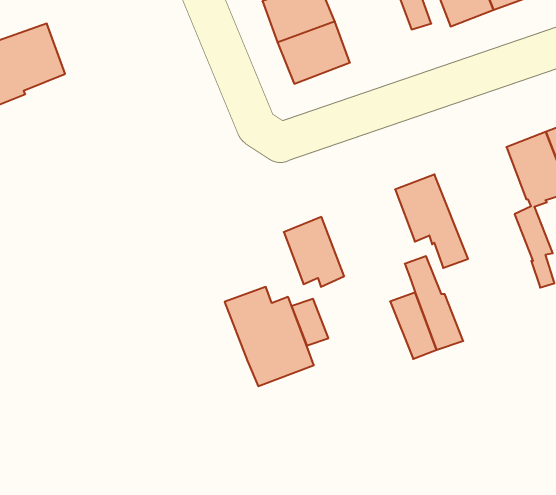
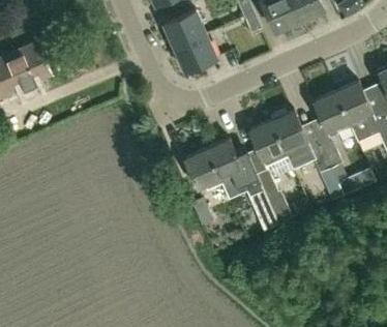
building: none -> [271,110,337,186]
building: [225,287,314,386] -> [206,139,261,198]

